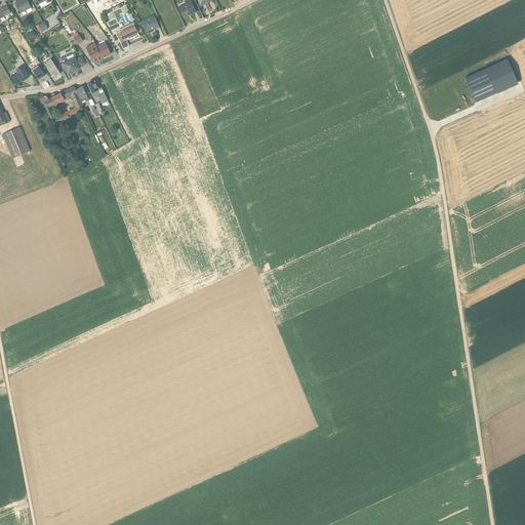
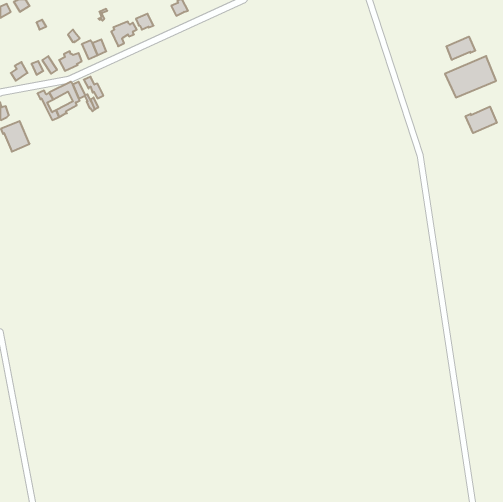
building: none -> [446,37,475,60]
building: none -> [466,107,497,133]

